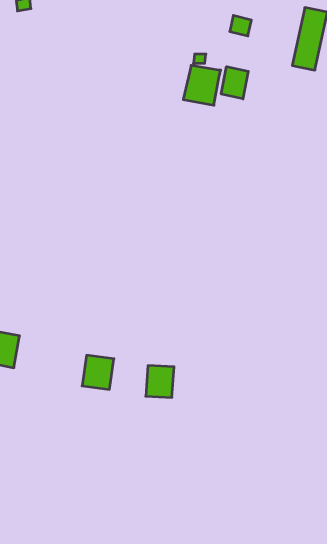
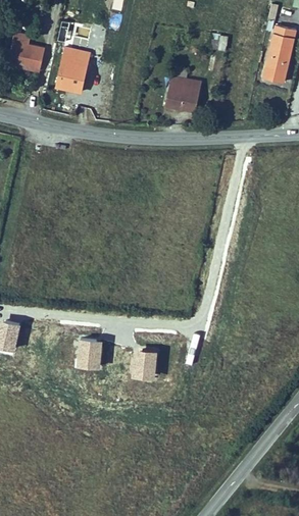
building: none -> [5,33,43,71]
building: none -> [58,50,96,98]
building: [221,67,248,99] -> none

